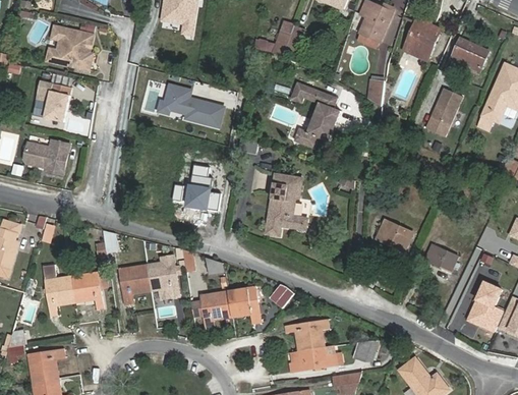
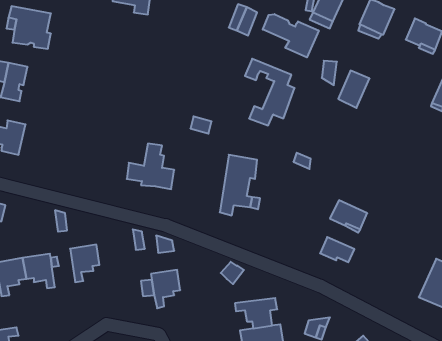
building: none -> [263,14,319,57]
building: [156,82,225,128] -> none
building: [431,90,463,127] -> [338,71,370,108]
building: [424,244,459,270] -> [320,237,354,262]
building: [141,262,174,298] -> none
building: [223,286,256,322] -> none

